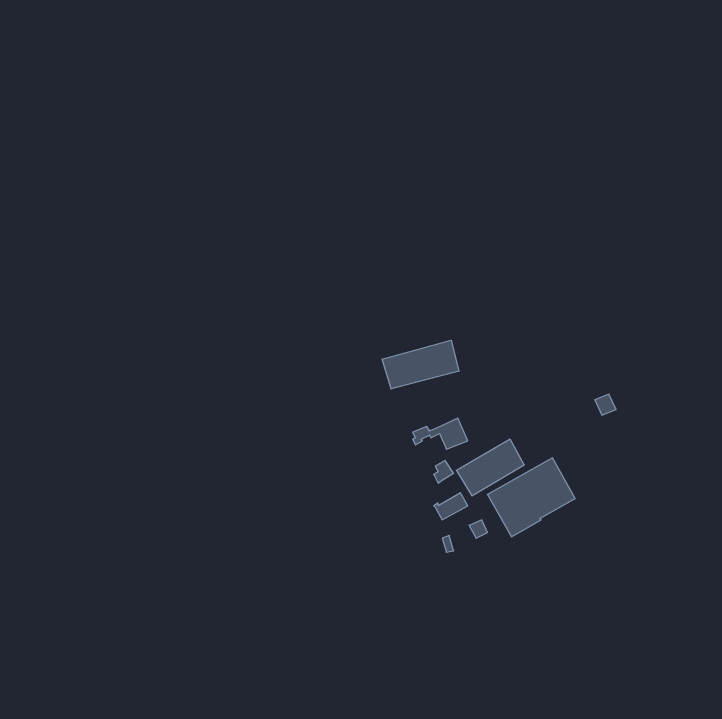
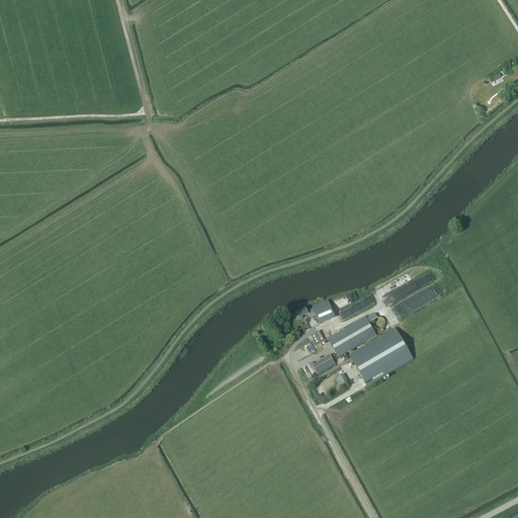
building: [382,340,459,389] -> none

